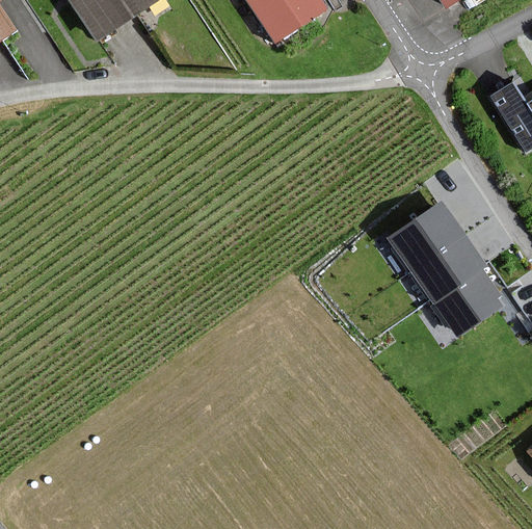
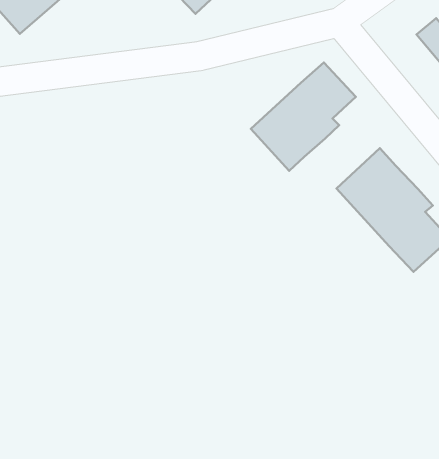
building: none -> [251,62,356,171]

